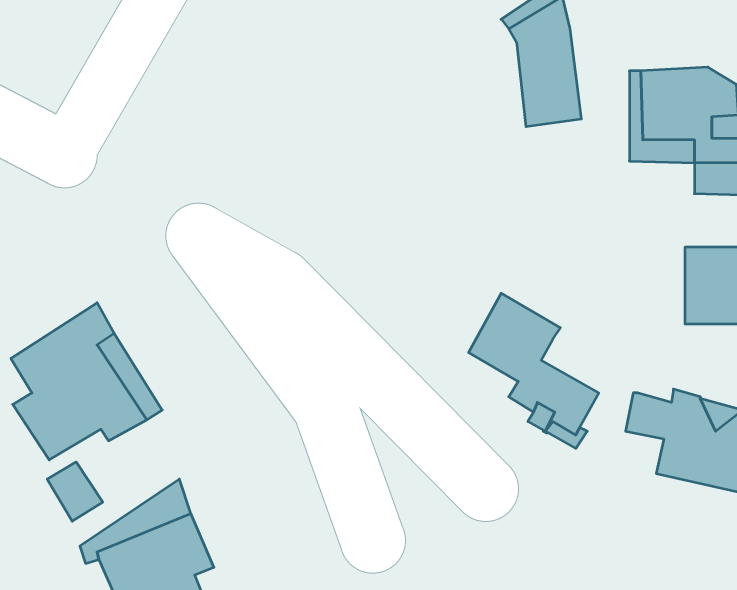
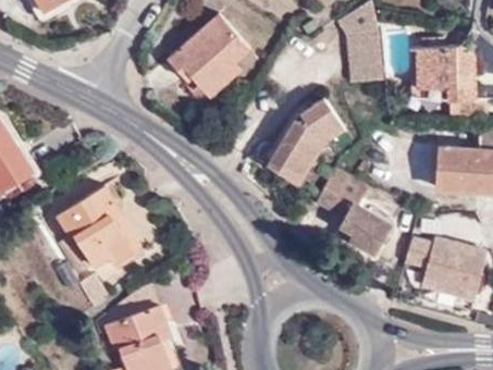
building: none -> [162,27,245,98]
building: none -> [266,97,343,182]

